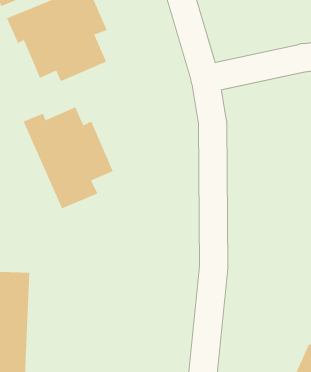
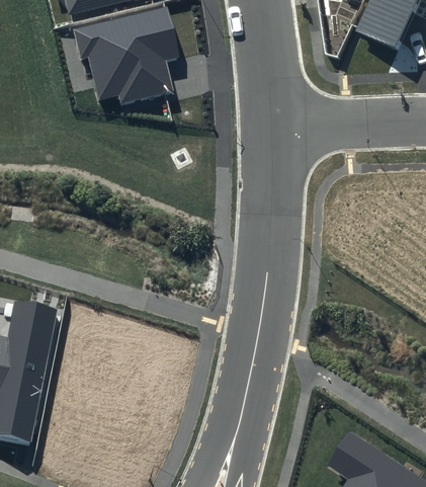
building: [23,106,113,209] -> none

